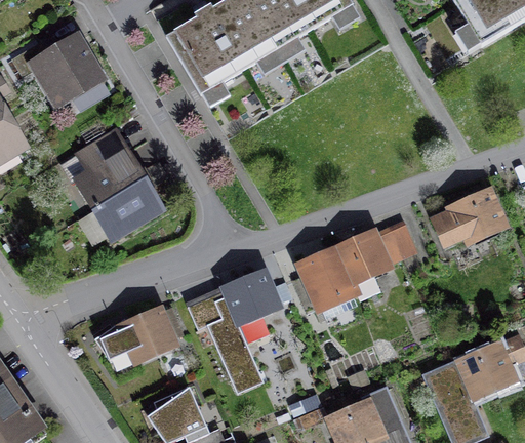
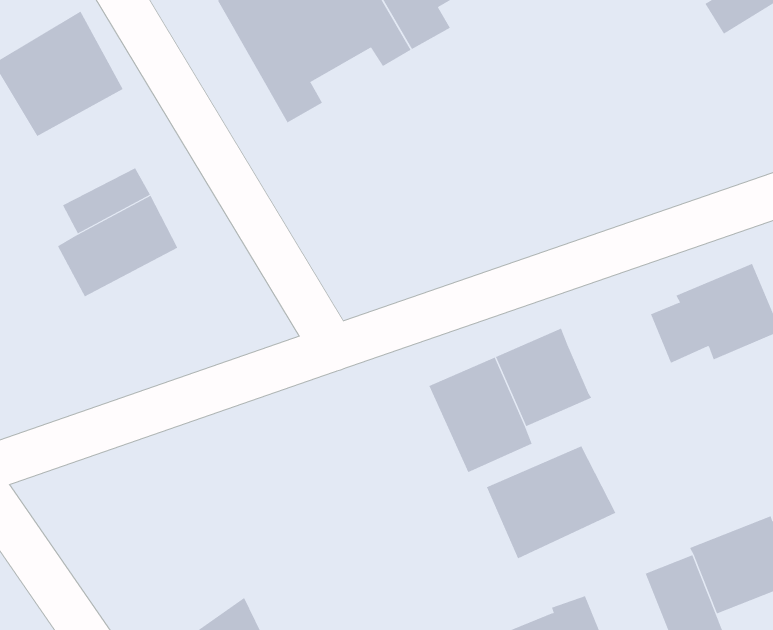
building: [87,178,161,241] -> none
building: [378,224,419,266] -> none
building: [189,267,280,394] -> none
building: none -> [486,445,616,559]
building: [97,305,186,365] -> none

